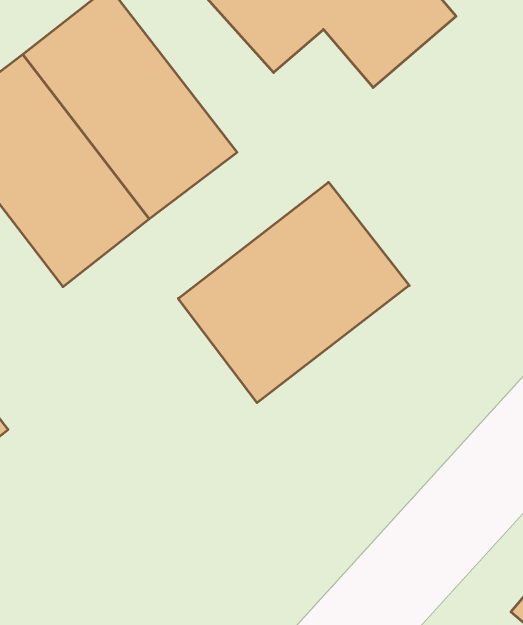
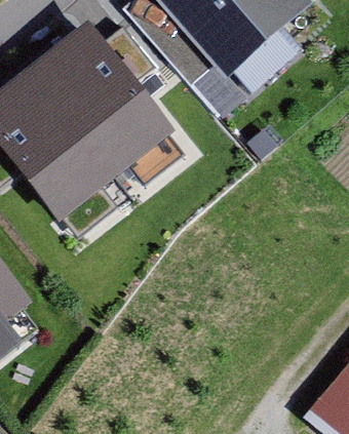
building: [178,182,409,403] -> none

